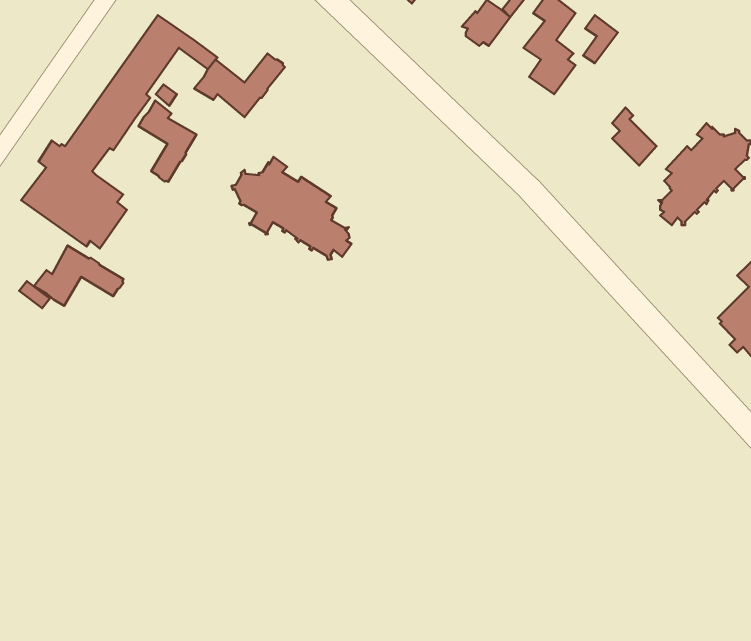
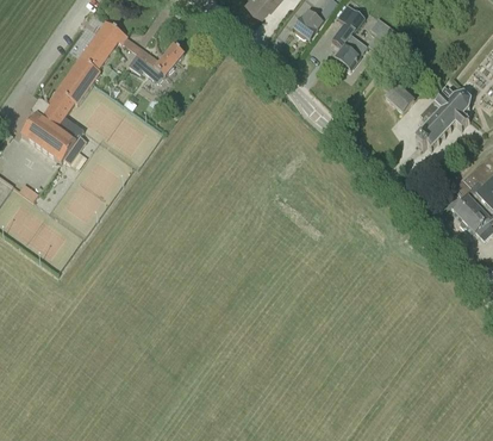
building: [138,101,196,182] -> none
building: [232,157,351,260] -> none
building: [34,246,124,306] -> none

